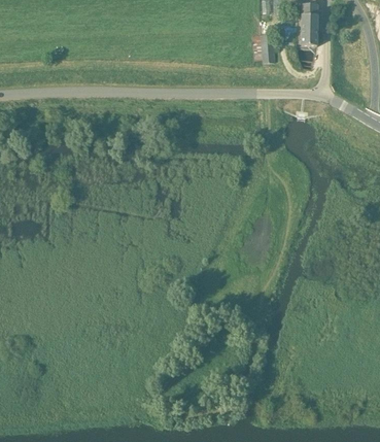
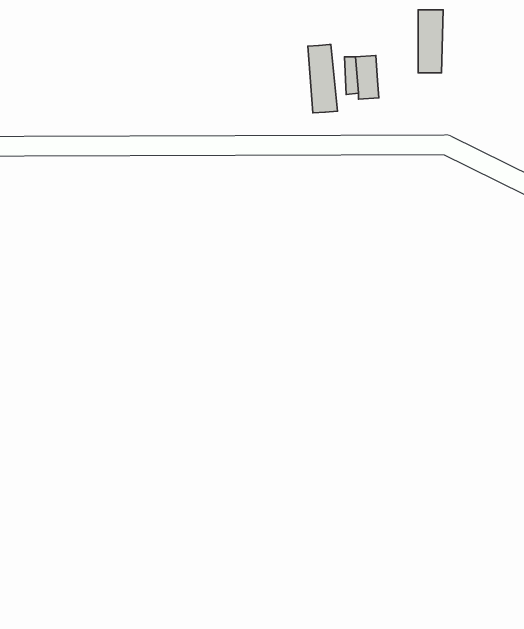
building: none -> [308,44,337,113]

